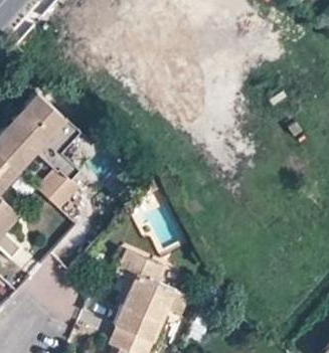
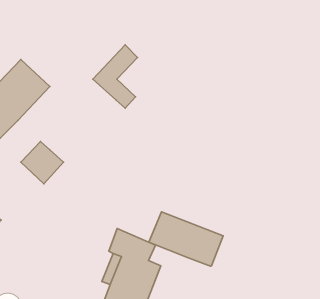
building: [33,116,76,177] -> [93,45,138,108]
building: none -> [149,212,223,266]

